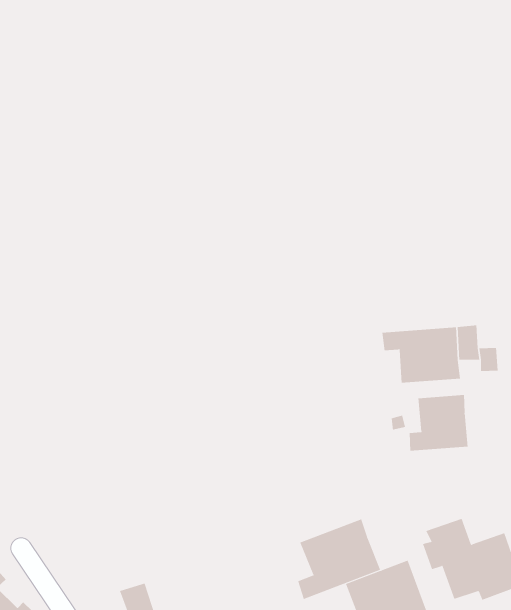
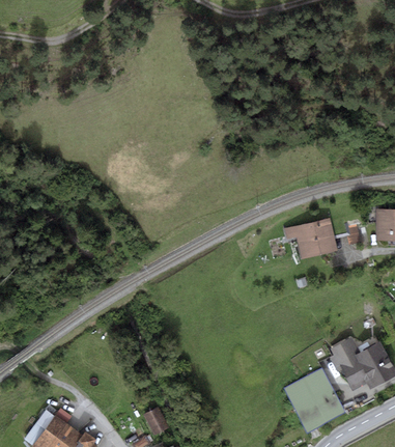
building: [409,394,468,451] -> none
building: [297,519,381,600] -> none

